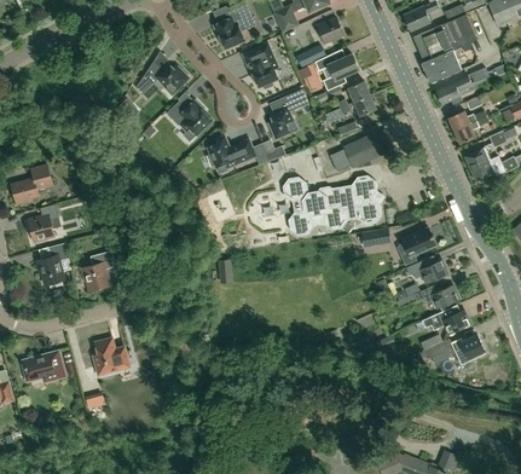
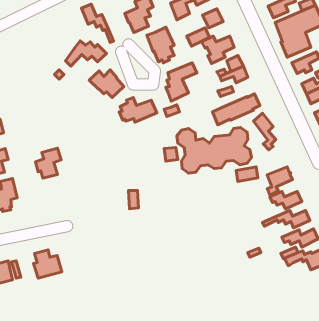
building: none -> [81,4,114,42]
building: none -> [253,113,276,150]
building: [82,250,116,290] -> [36,148,61,178]

